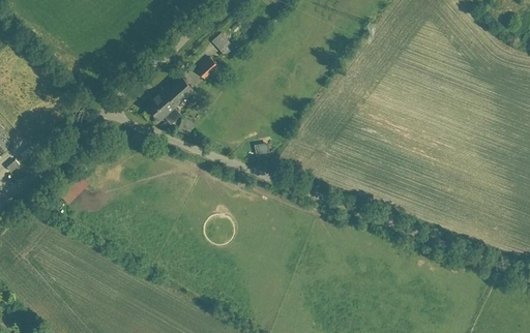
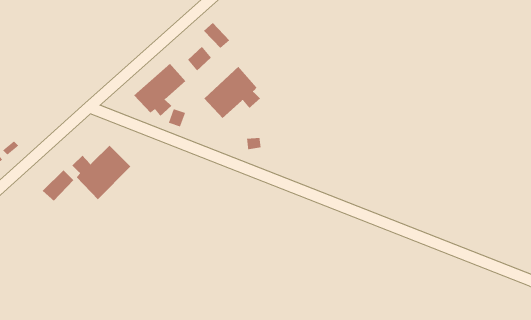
building: none -> [204,66,261,119]
building: none -> [71,145,131,200]

